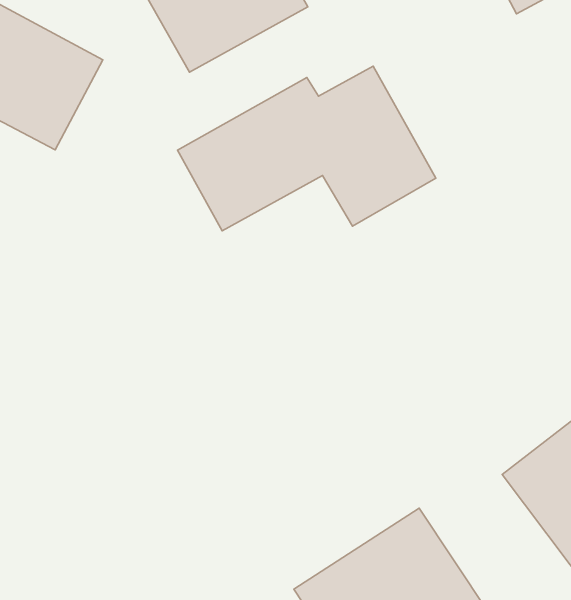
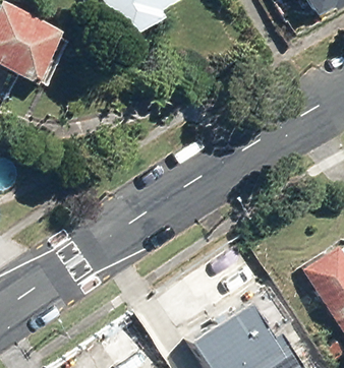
building: [178,66,436,231] -> none

